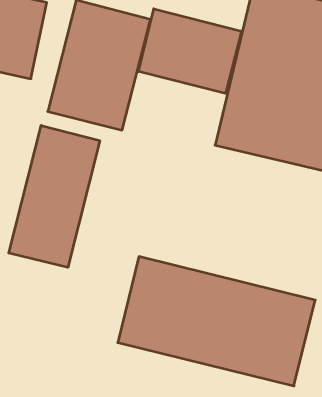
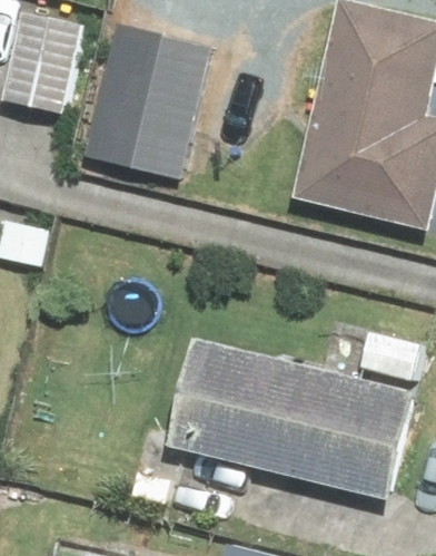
building: [138,9,241,93] -> none
building: [9,125,100,267] -> none

